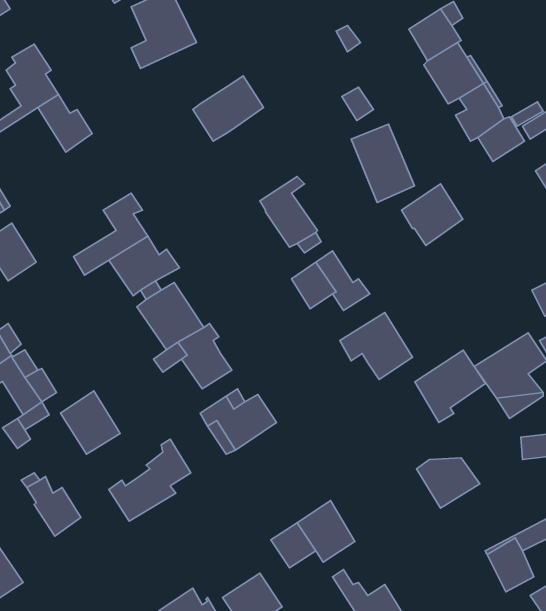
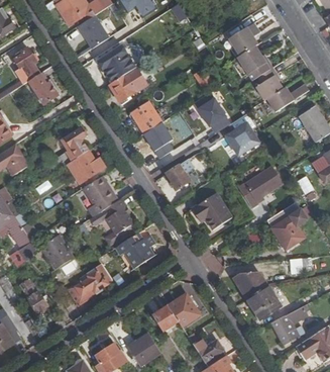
building: none -> [102,48,133,79]
building: none -> [131,100,166,133]
building: [415,350,486,423] -> [244,166,283,205]
building: none -> [246,285,280,318]

